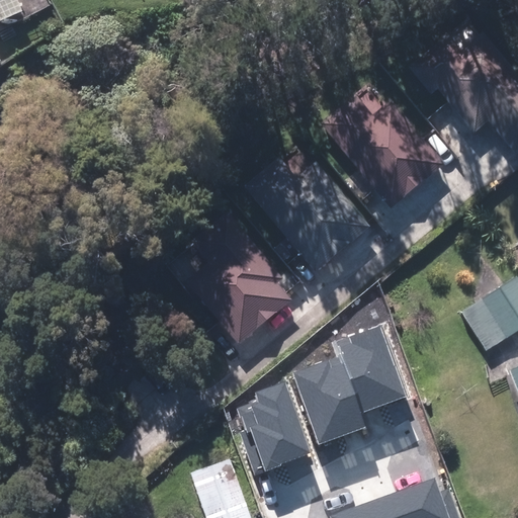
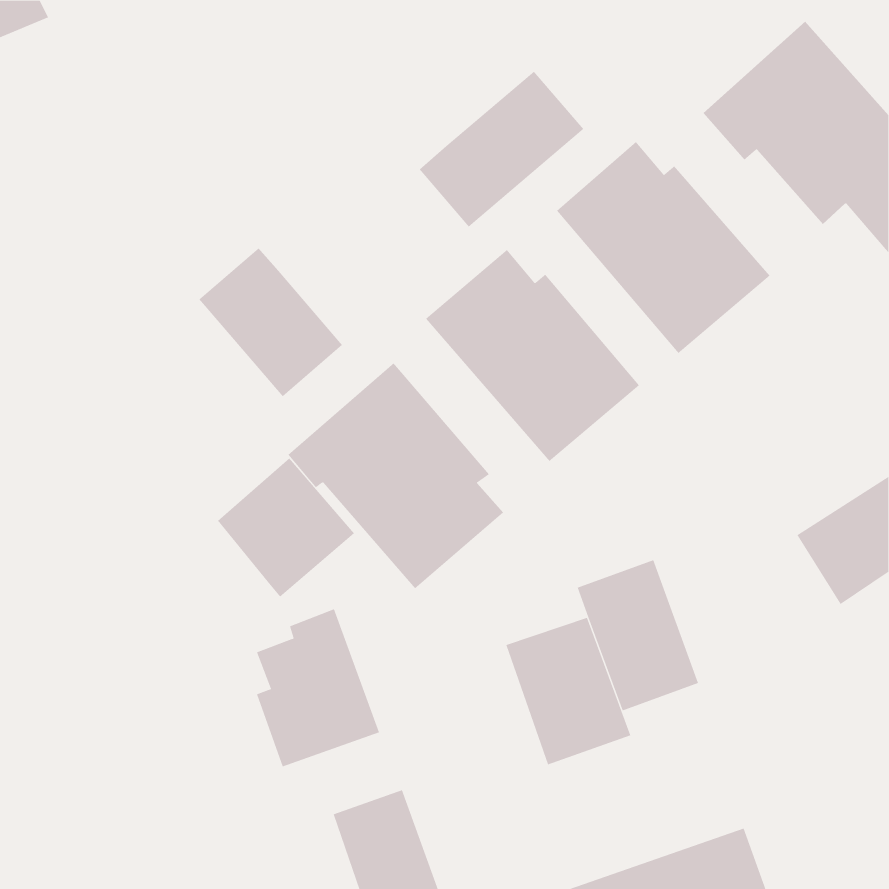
building: none -> [419,71,584,228]
building: none -> [199,247,343,397]
building: none -> [217,458,355,597]
building: [237,383,309,476] -> [256,609,380,767]

